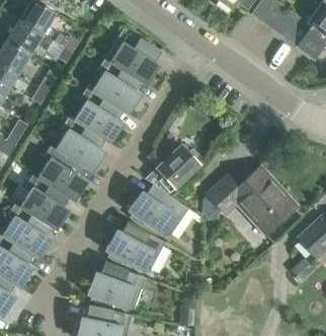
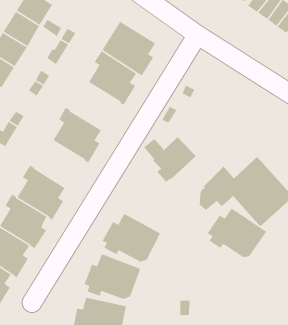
building: [74,87,124,143] -> none
building: [38,145,87,201] -> none
building: [128,185,188,236] -> [206,207,267,258]

